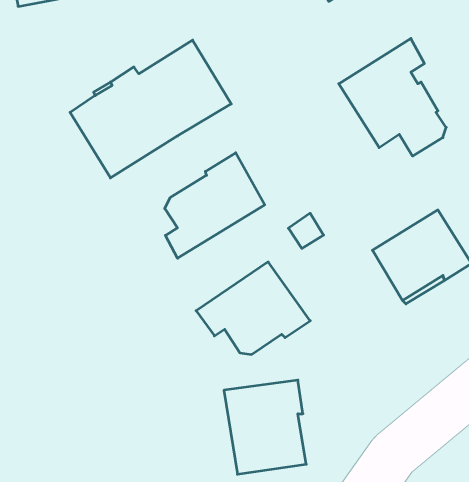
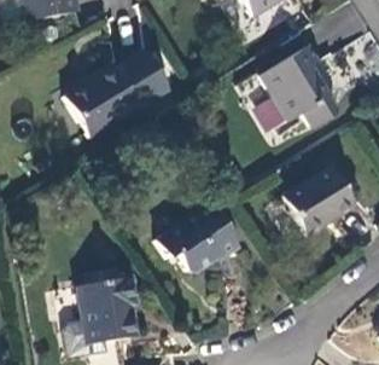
building: [165,153,265,258] -> none
building: [224,380,306,474] -> [78,277,138,344]

